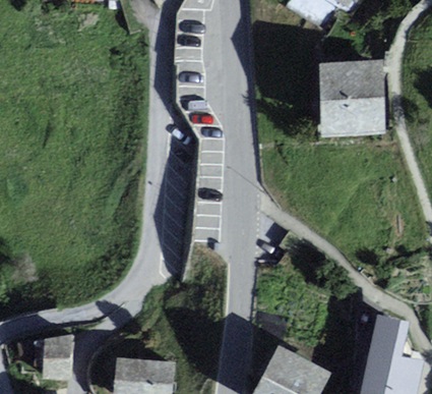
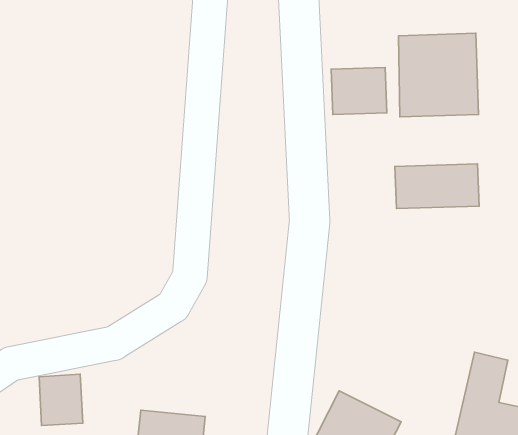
building: none -> [331,68,387,115]
building: none -> [395,164,479,209]

